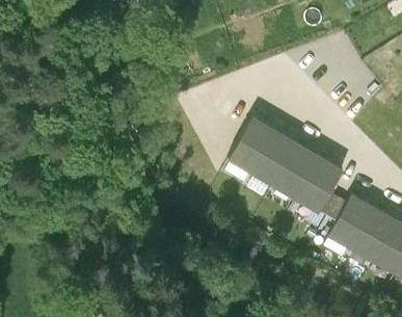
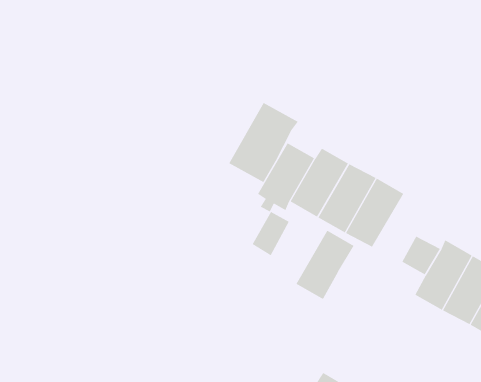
building: none -> [229,102,299,183]
building: [301,161,348,216] -> [295,230,354,300]
building: none -> [252,211,290,256]

